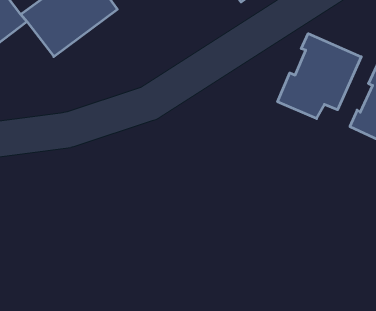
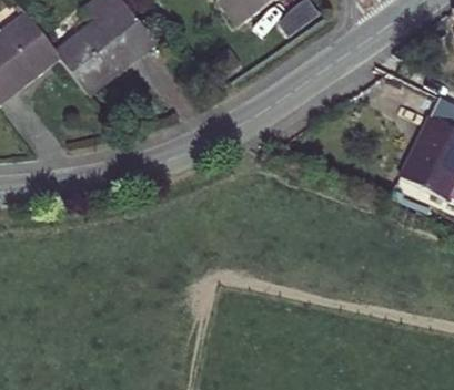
building: [278,34,361,119] -> none

